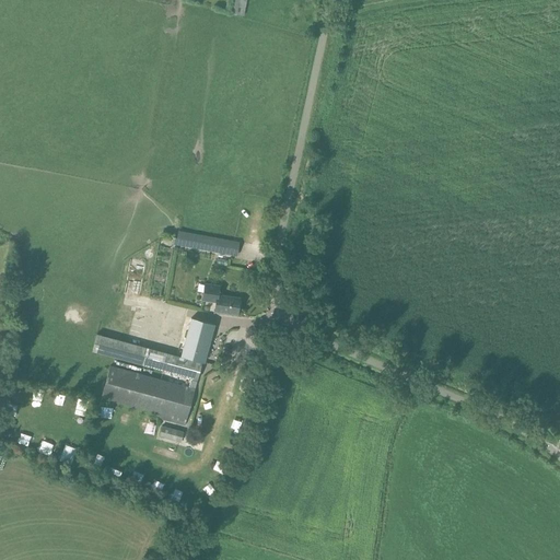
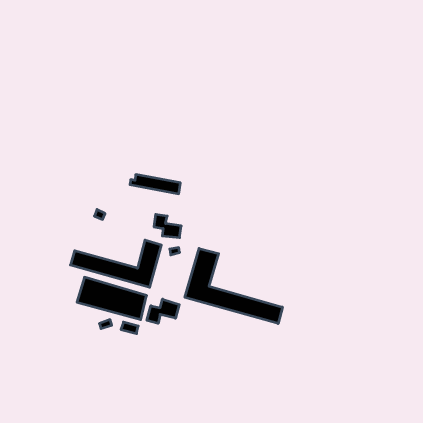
building: none -> [185,248,282,324]
building: none -> [147,299,179,323]

